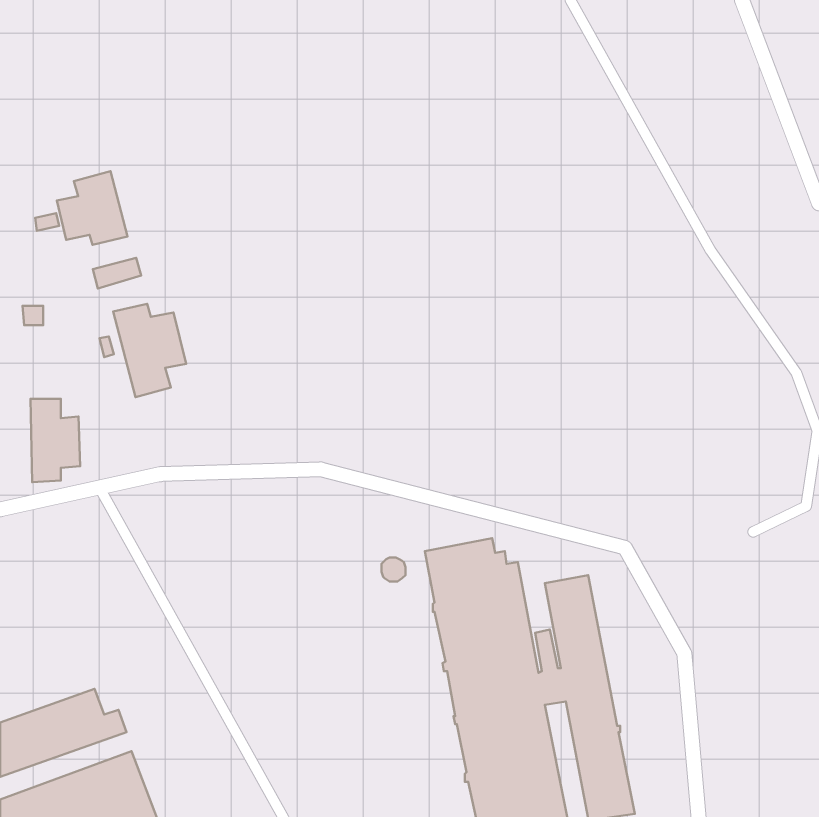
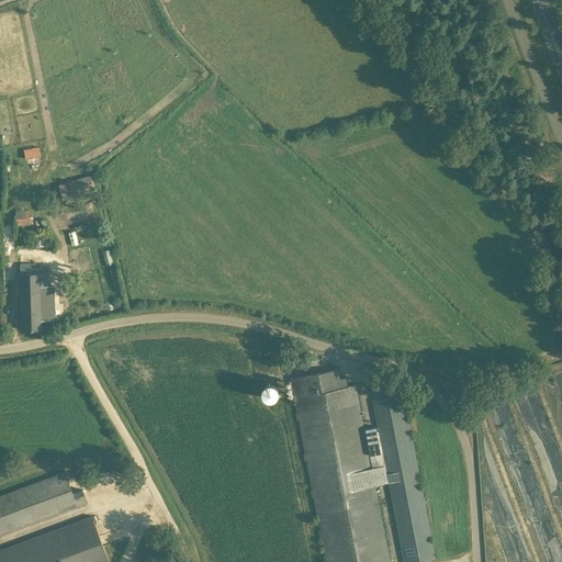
building: [57,171,127,245] -> none
building: [113,304,186,397] -> none

